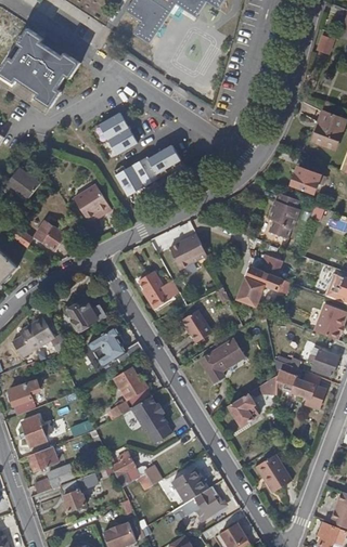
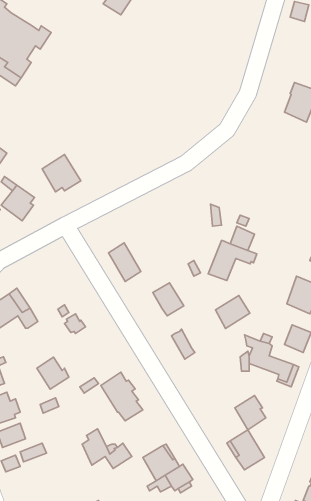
building: [98,110,137,155] -> none
building: [113,144,183,193] -> none
building: [290,164,320,190] -> none
building: [268,190,298,235] -> none
building: [168,234,205,269] -> none
building: [67,302,97,331] -> none
building: [209,340,243,373] -> [215,295,250,329]
building: [114,368,145,400] -> [37,357,69,389]
building: [227,393,257,427] -> [235,396,266,430]
building: [60,479,86,511] -> none

